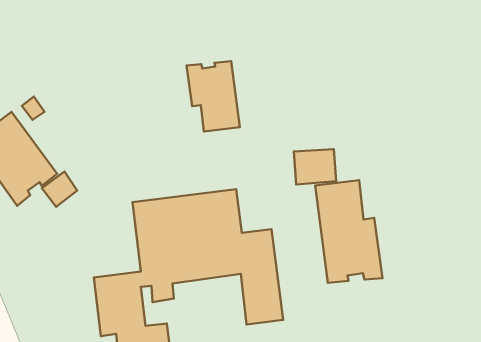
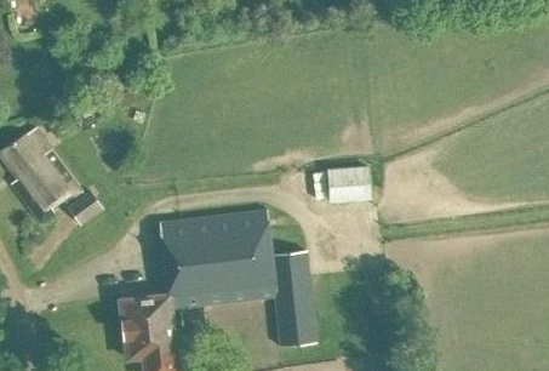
building: [187,61,240,132] -> none
building: [315,180,382,283] -> none

